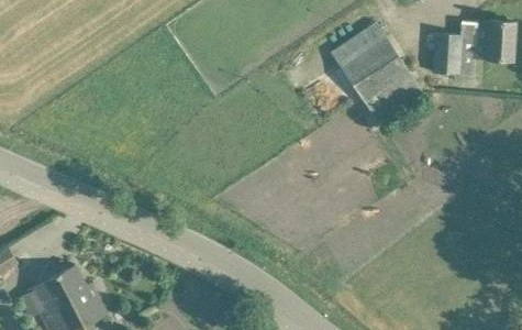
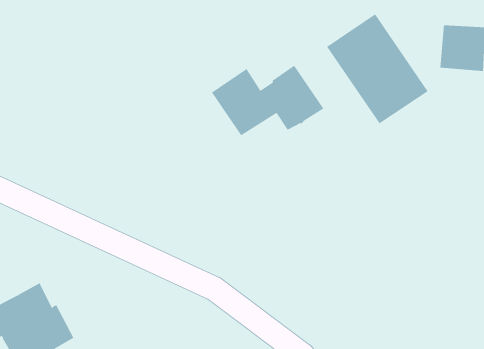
building: none -> [211,65,324,136]

